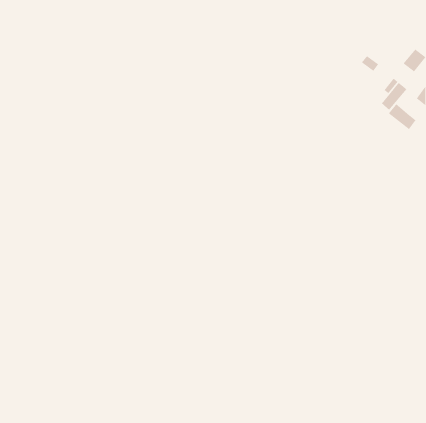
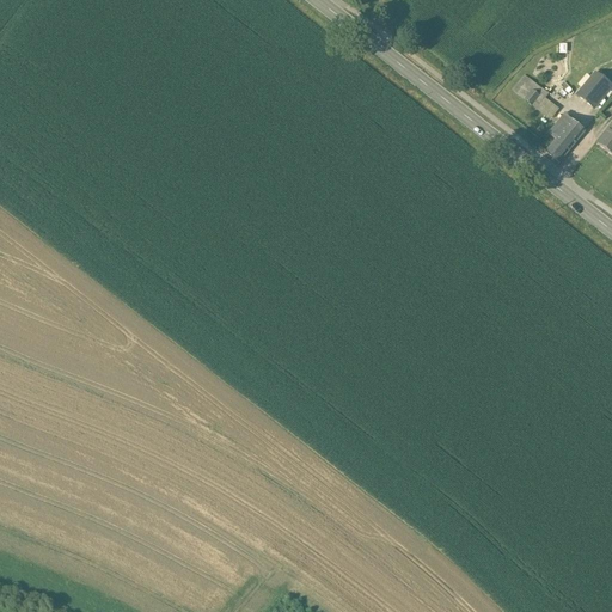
building: [388,103,417,130] -> none

